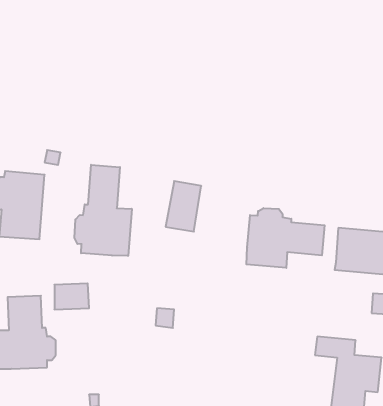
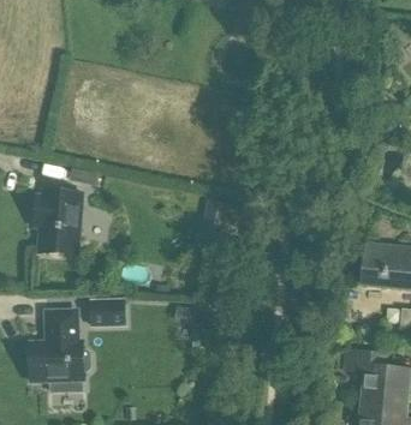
building: [74,165,132,256] -> none
building: [246,208,325,268] -> none

